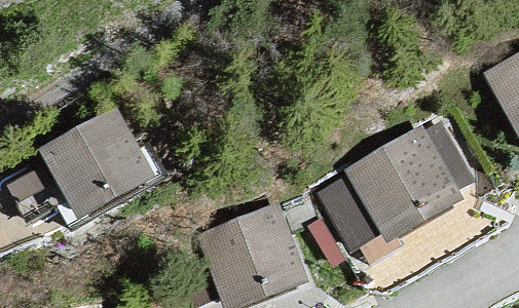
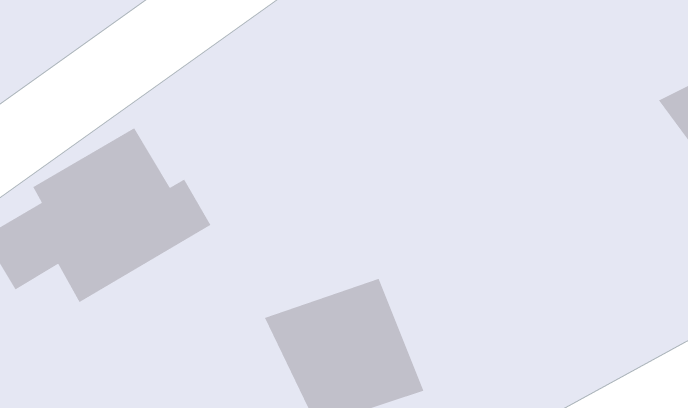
building: [307,123,470,249] -> none

